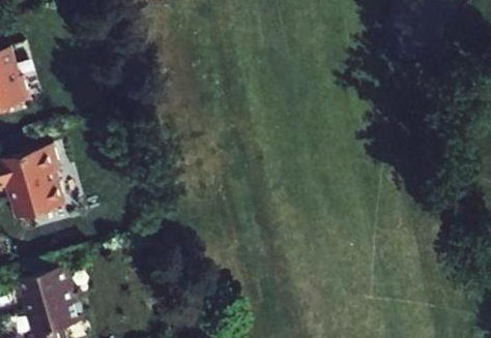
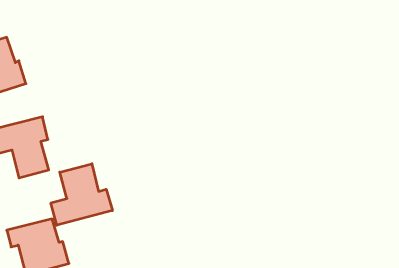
building: none -> [51,164,112,225]

